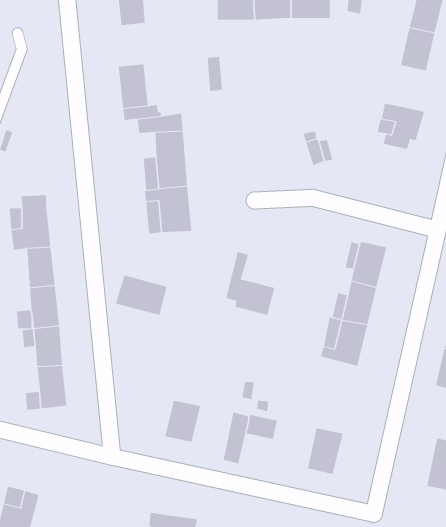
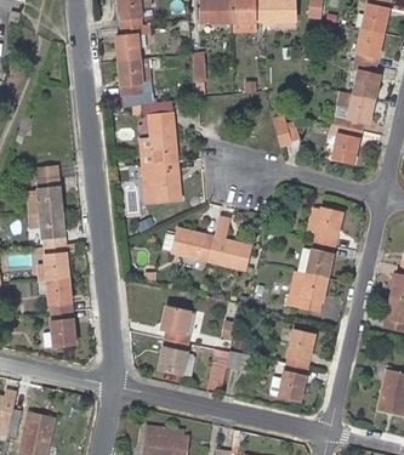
building: none -> [115,24,143,61]
building: none -> [353,59,380,98]
building: none -> [332,125,360,164]
building: [115,275,168,316] -> [170,226,214,260]
building: none -> [160,306,189,343]
building: none -> [284,328,314,366]

